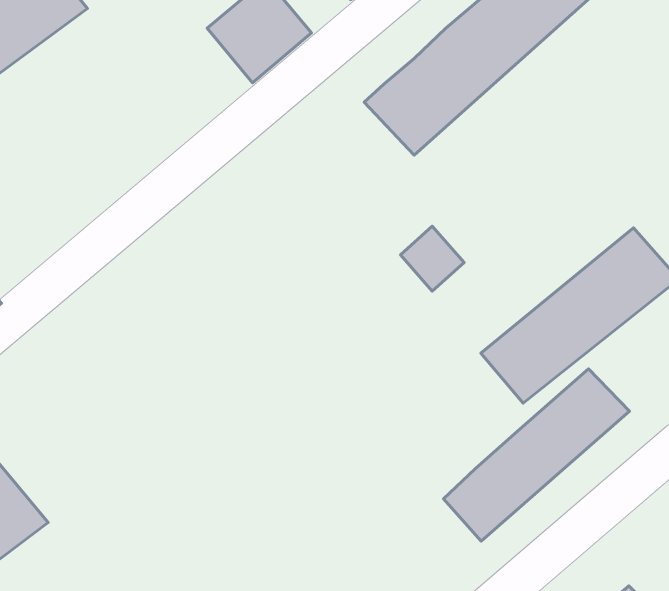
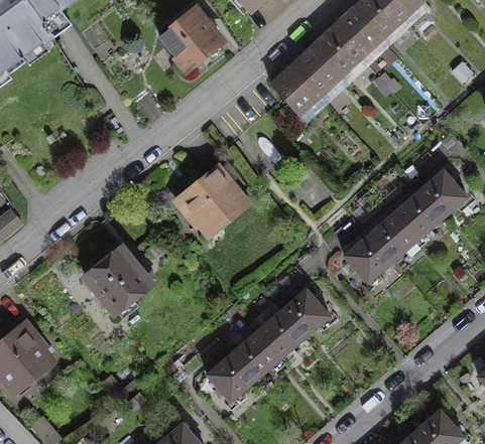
building: none -> [165,155,252,243]
building: none -> [80,244,153,317]
building: [443,369,629,541] -> [210,286,334,401]

